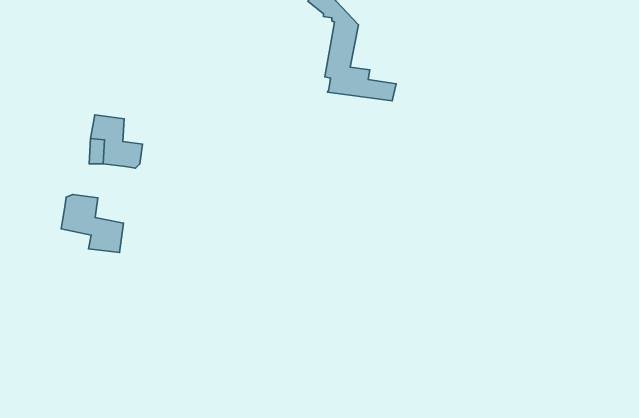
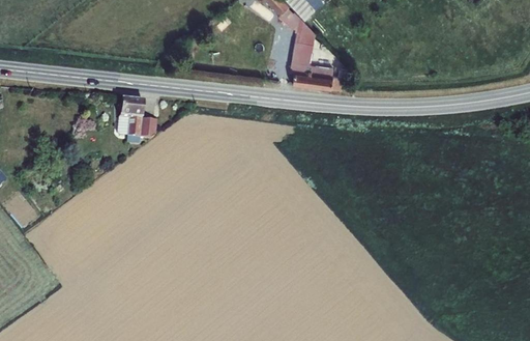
building: [61,194,124,253] -> none

